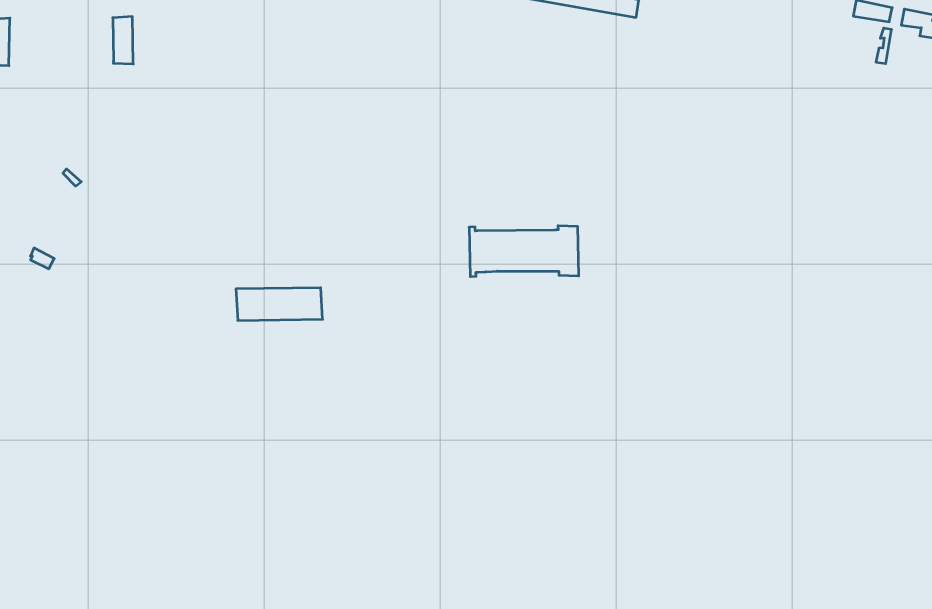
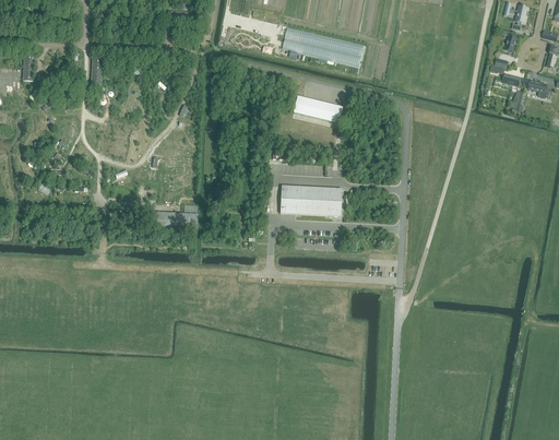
building: none -> [294,95,342,121]

